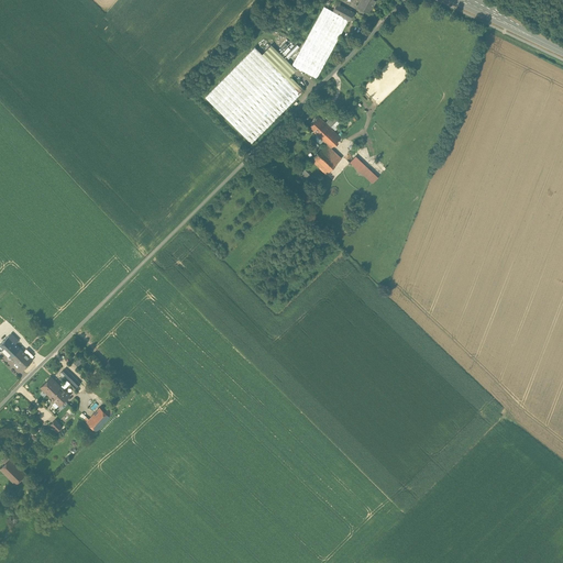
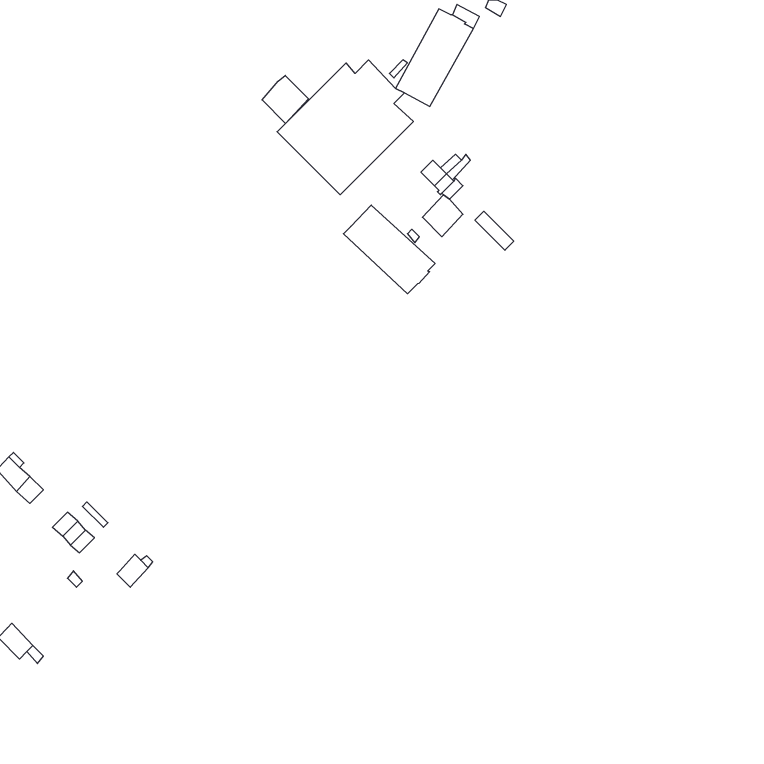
building: none -> [262,75,309,123]
building: none -> [343,205,435,294]

